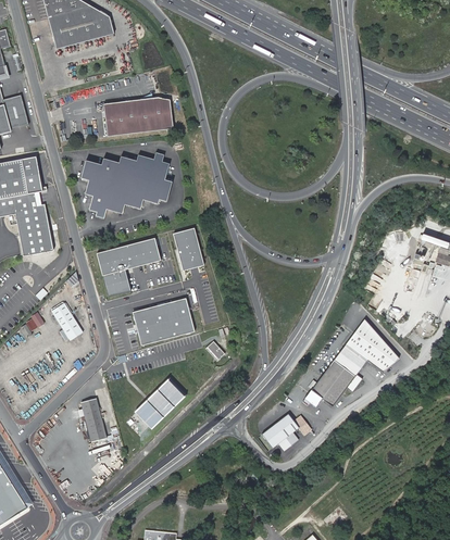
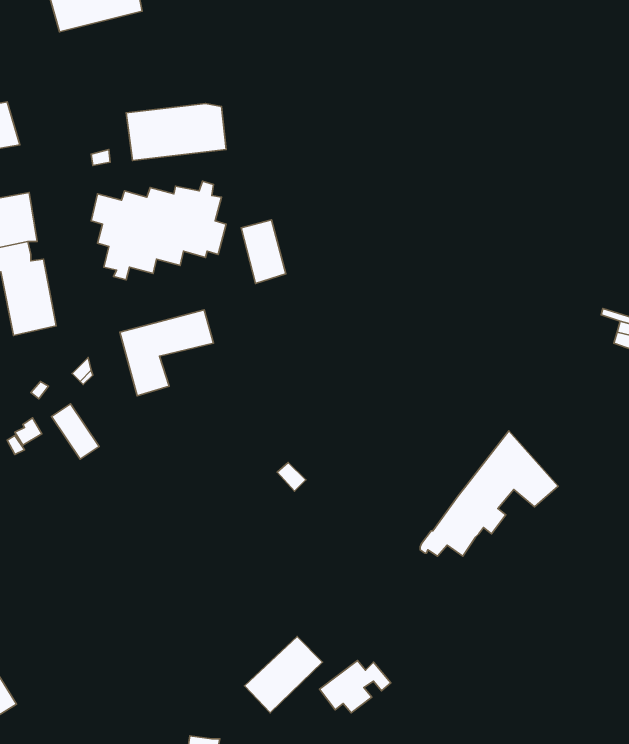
building: [174,227,204,271] -> [241,220,286,283]
building: [133,298,196,347] -> none
building: [135,377,188,429] -> [245,637,322,713]
building: [82,398,107,441] -> none
building: [262,414,311,450] -> [319,661,391,713]

